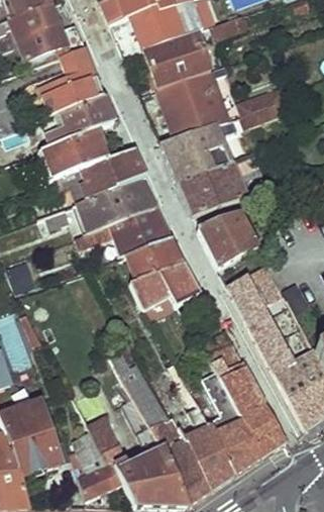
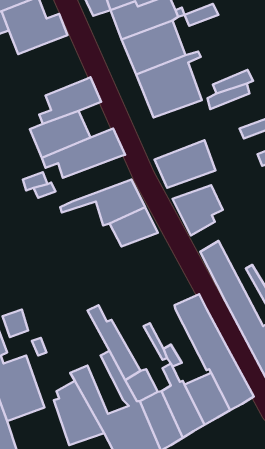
building: [37,44,103,116] -> none
building: [160,120,233,182] -> none
building: [77,178,152,228] -> none
building: [127,263,198,307] -> none

